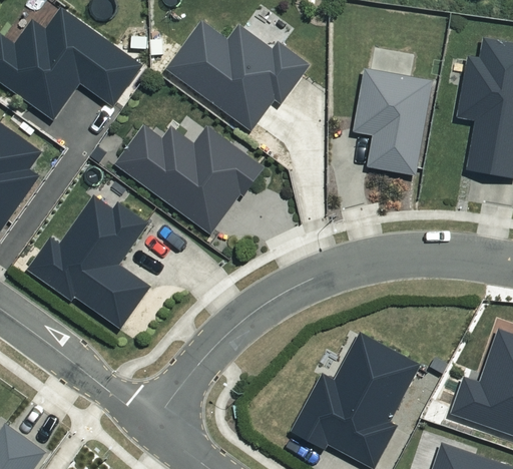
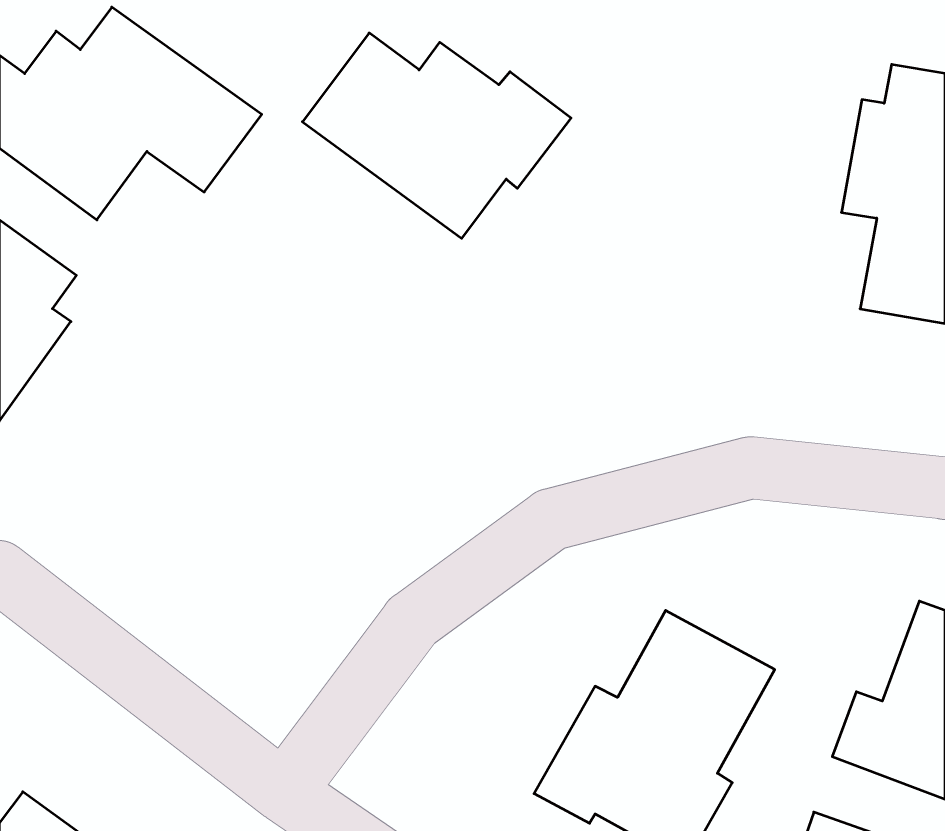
building: [352,68,432,174] -> none
building: [113,123,263,233] -> none
building: [26,194,150,328] -> none

